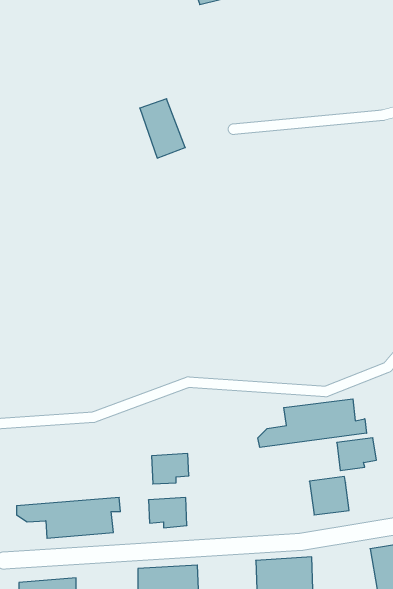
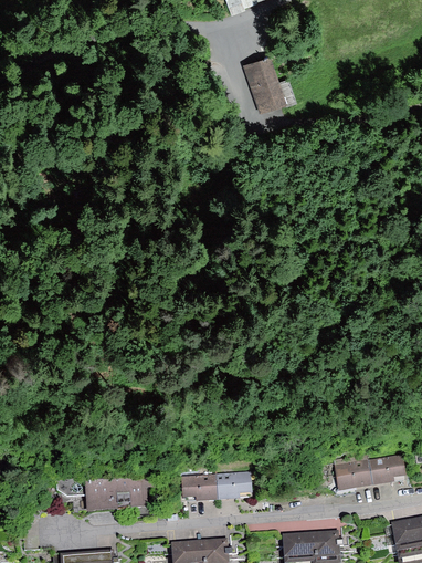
building: [140,99,185,158] -> [243,54,286,111]
building: [258,399,367,447] -> none
building: [337,438,376,471] -> [368,455,405,486]
building: [152,454,189,484] -> [217,471,252,500]

